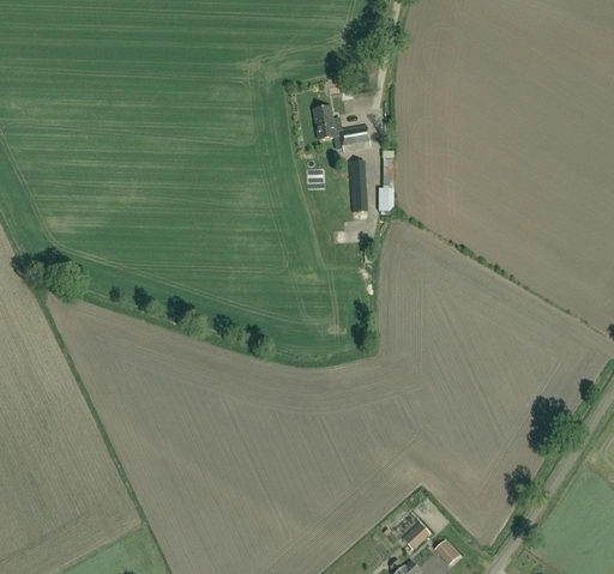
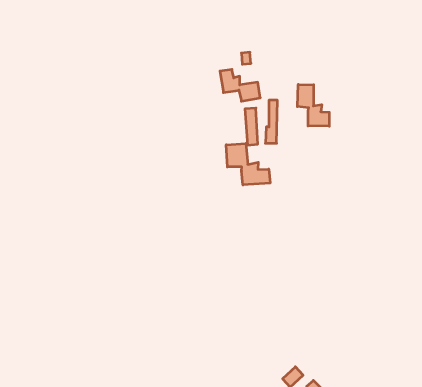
building: none -> [297,84,329,126]
building: none -> [226,143,270,185]

